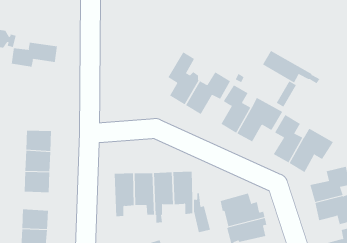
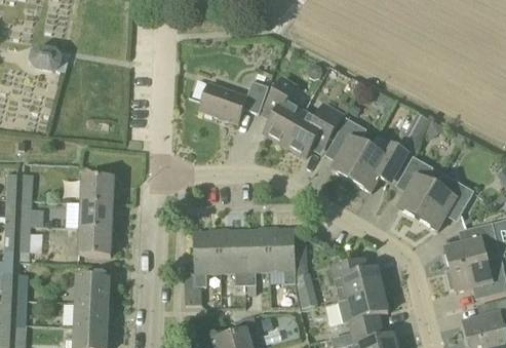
building: [11,42,57,68] -> none
building: [262,50,320,84] -> none
building: none -> [198,81,268,124]

